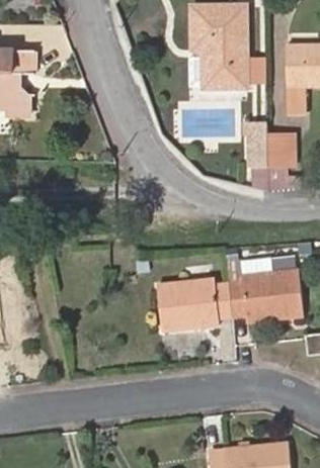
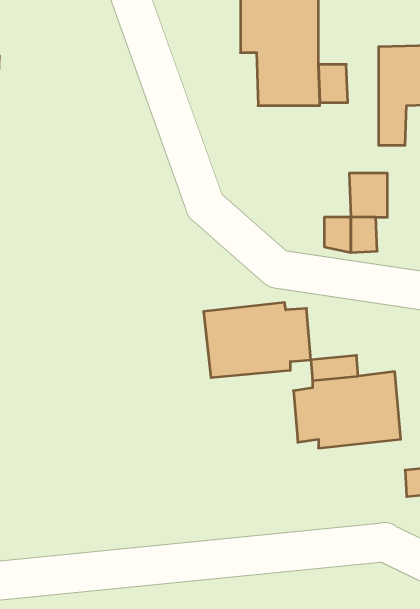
building: [246,116,268,163] -> none
building: [158,278,232,330] -> [204,303,311,378]

